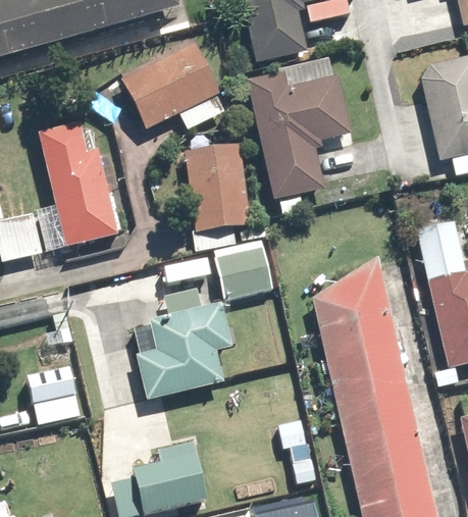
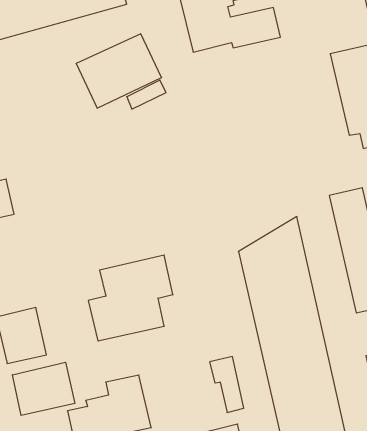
building: [246,61,352,200] -> none
building: [38,115,119,248] -> none
building: [183,142,253,232] -> none
building: [212,239,273,300] -> none
building: none -> [12,362,75,415]

